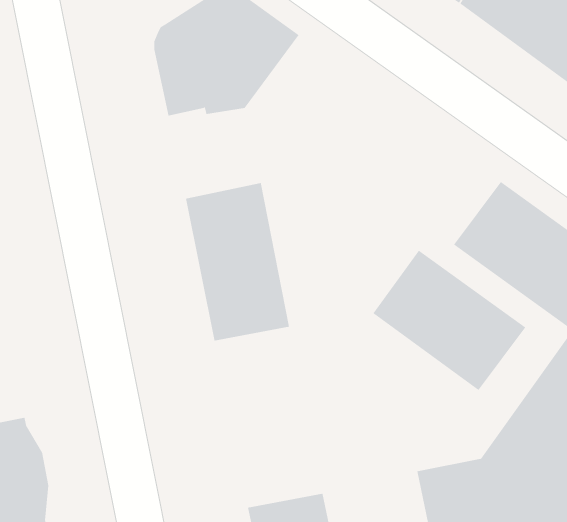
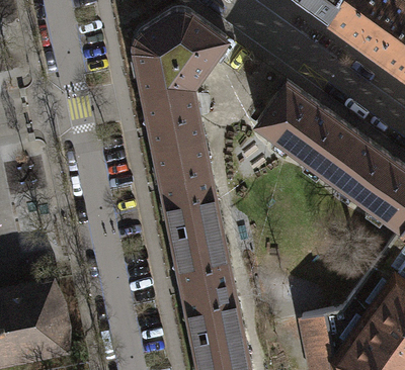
building: none -> [143,90,202,148]
building: [373,250,526,391] -> [257,87,355,177]
building: none -> [172,229,242,345]

